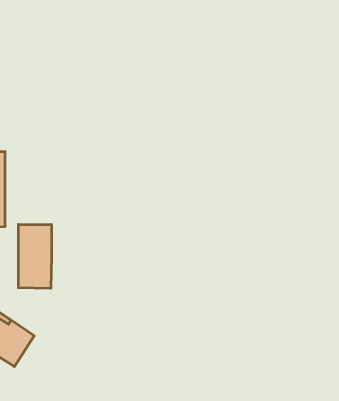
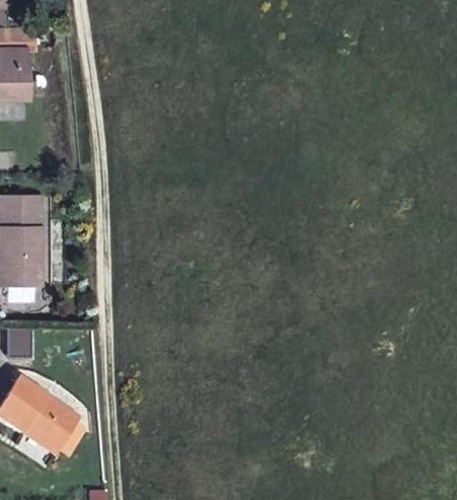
building: [18,224,51,288] -> none

